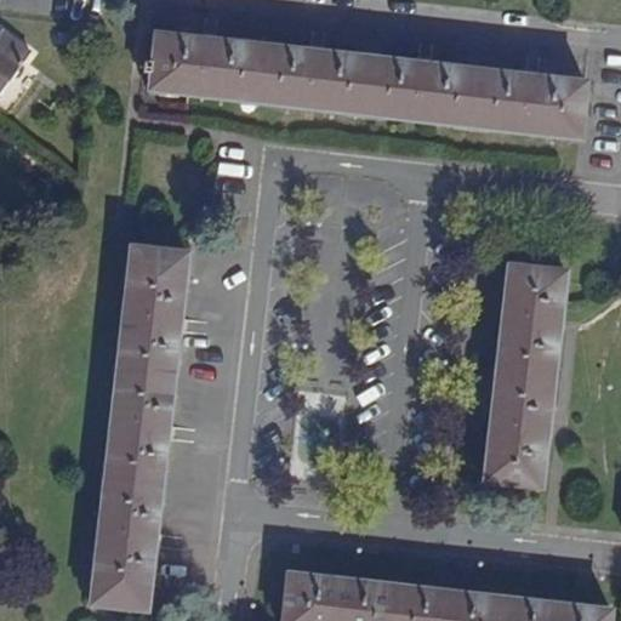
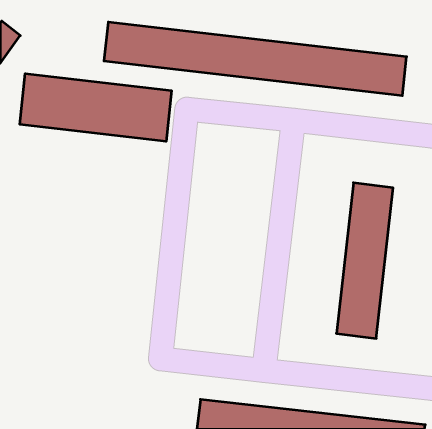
building: none -> [20,74,171,141]
building: [91,245,187,608] -> none

